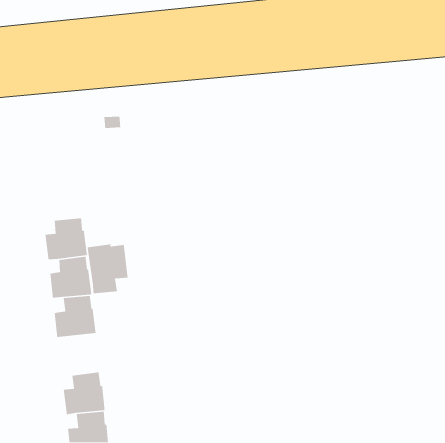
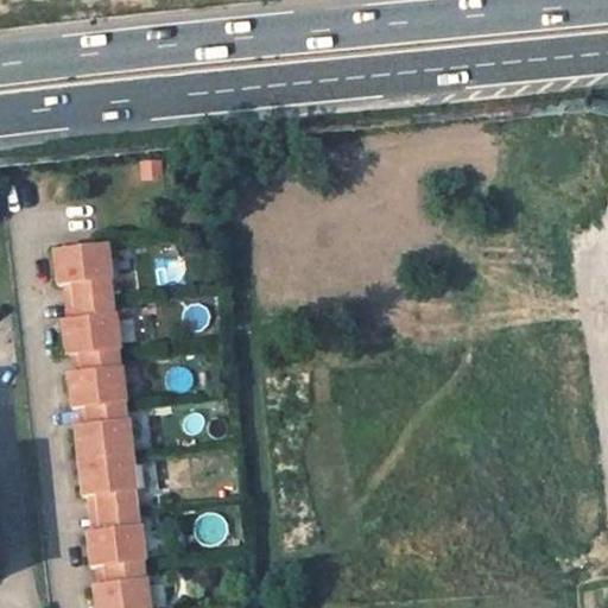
building: none -> [53,243,112,300]
building: [87,243,128,294] -> none
building: none -> [77,455,135,512]

